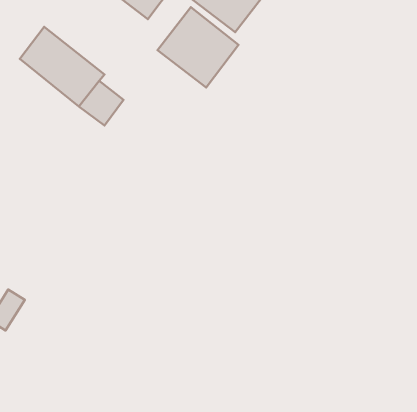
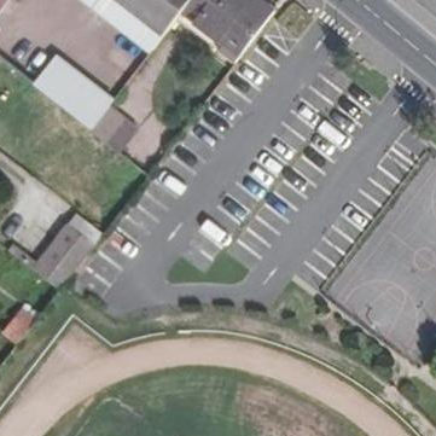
building: [158,7,238,87] -> none
building: none -> [33,222,94,287]

